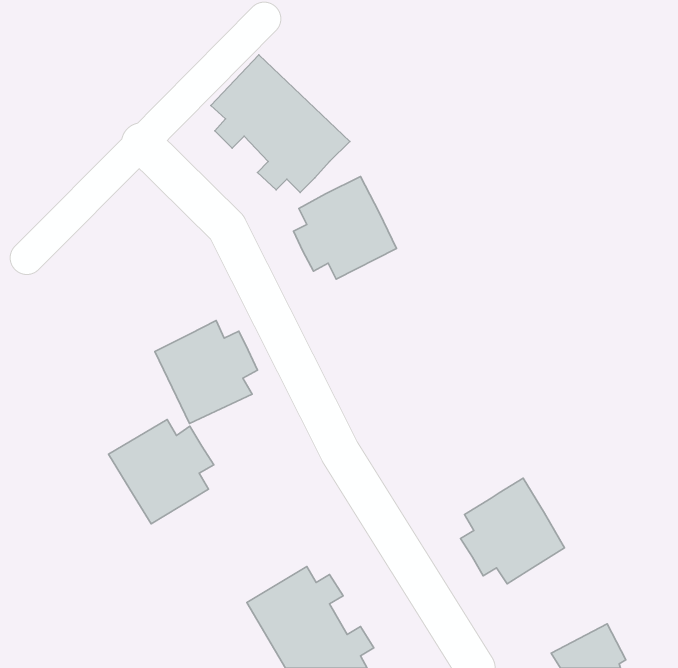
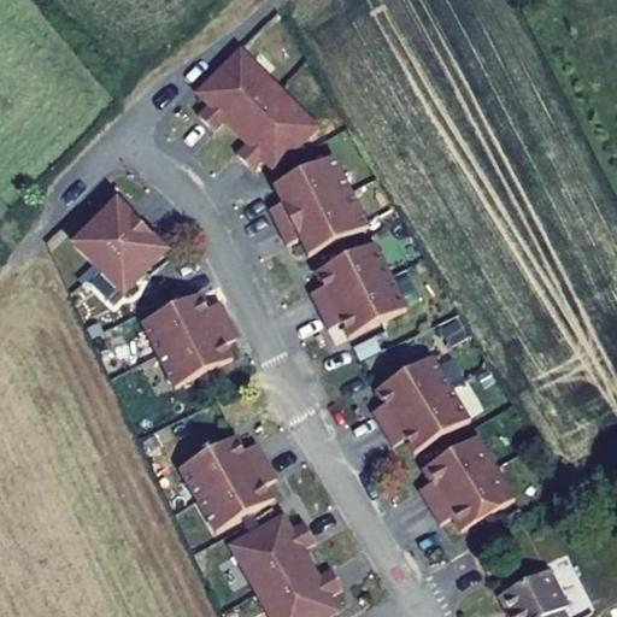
building: none -> [72,195,166,289]
building: none -> [310,240,404,334]
building: none -> [372,353,466,448]
building: [108,420,214,524] -> [180,434,275,528]

